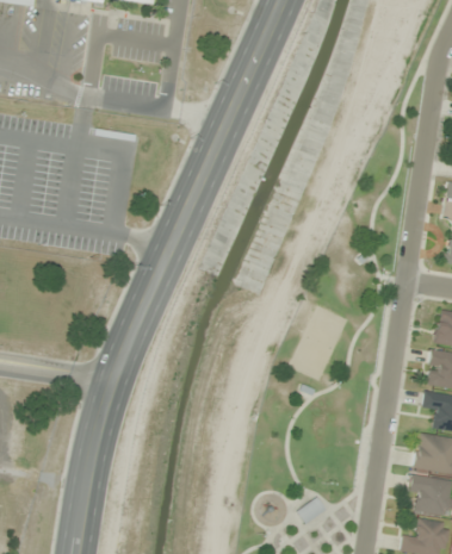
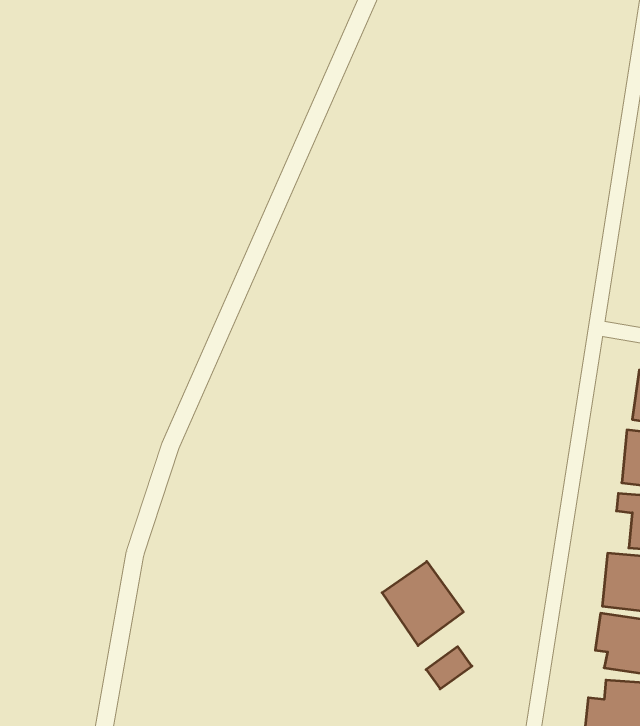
building: none -> [382,561,463,646]

